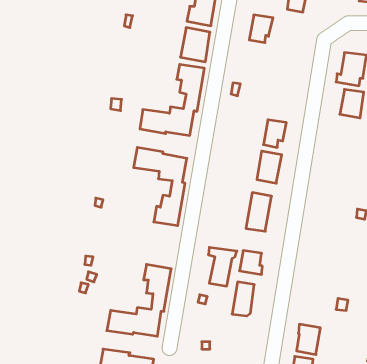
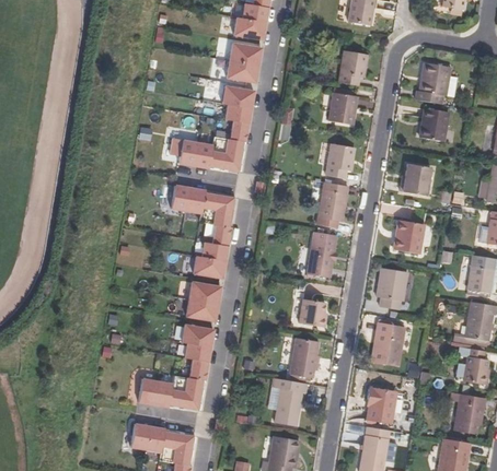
building: [249,15,273,43] -> [345,46,373,79]
building: none -> [335,86,363,119]
building: none -> [400,167,430,197]
building: none -> [392,221,421,255]
building: none -> [374,270,405,310]
building: none -> [188,275,223,315]
building: [208,247,237,286] -> [273,378,307,424]
building: none -> [371,325,403,367]

